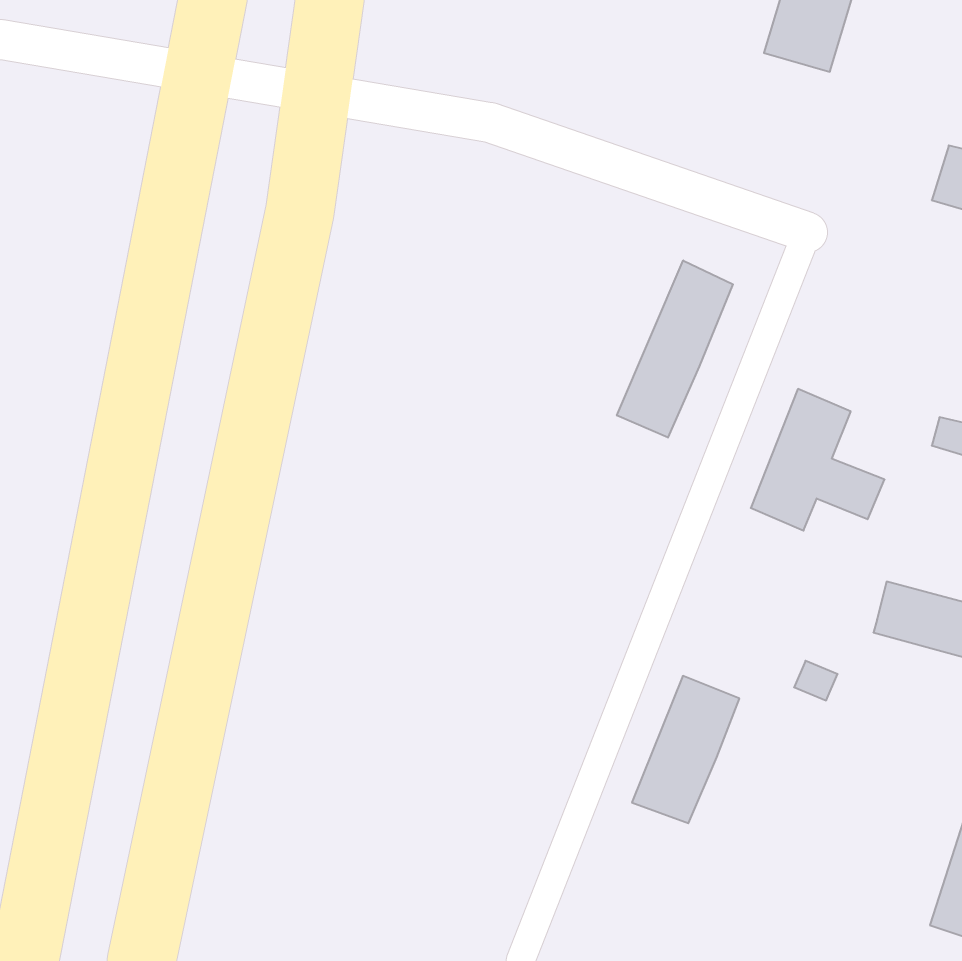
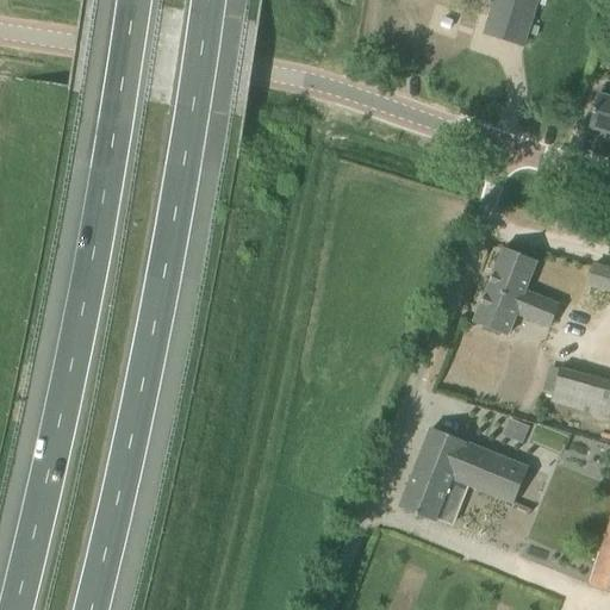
building: [617,260,733,438] -> none
building: none -> [454,441,530,503]

